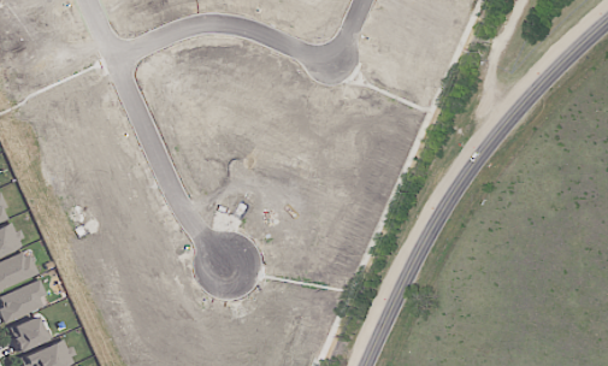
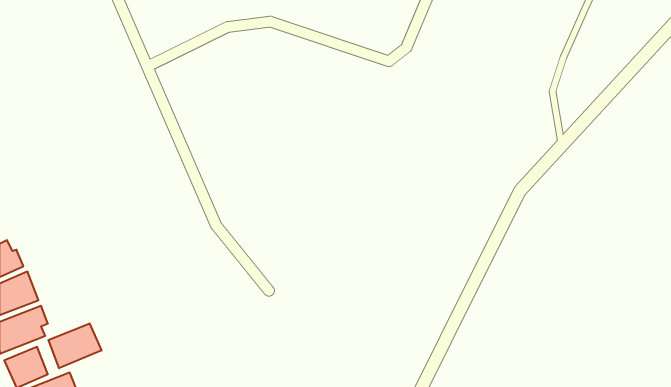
building: none -> [48,323,101,368]

